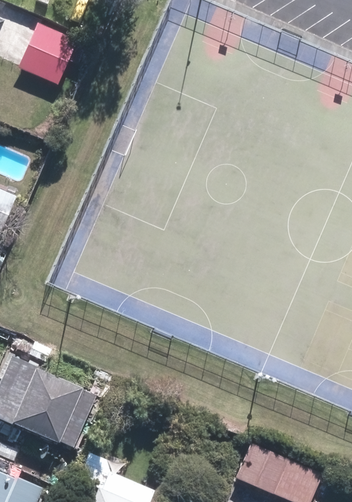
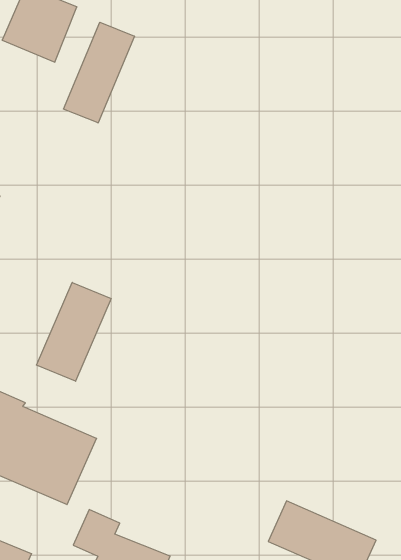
building: none -> [63,22,134,123]
building: none -> [37,282,111,381]

